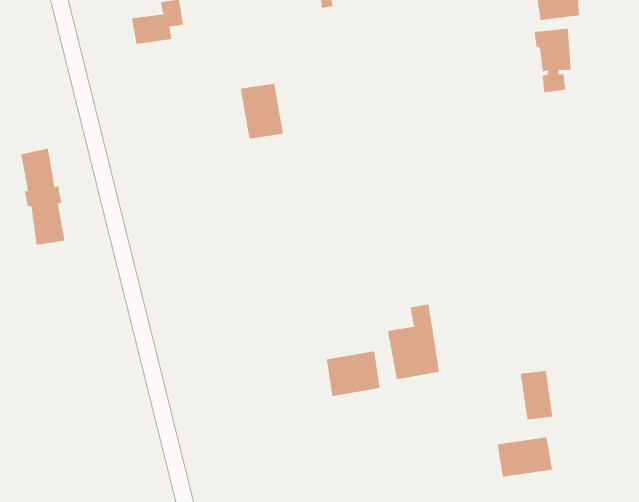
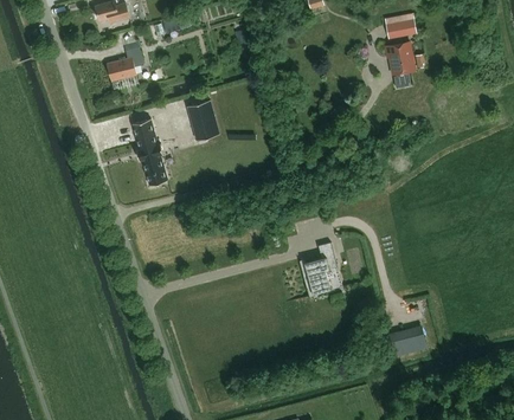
building: [20,148,66,245] -> [131,118,168,186]
building: [326,351,380,397] -> none
building: [520,370,553,420] -> none

